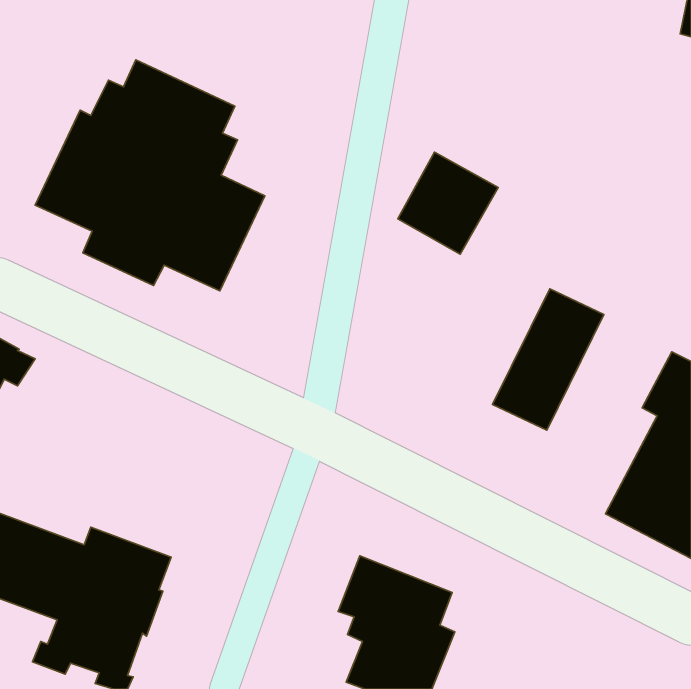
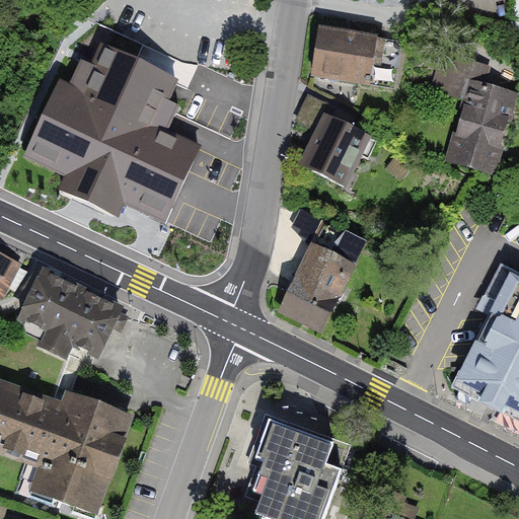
building: none -> [312,29,398,83]
building: none -> [433,53,511,167]
building: [493,289,604,430] -> [280,222,363,327]
building: none -> [21,272,126,356]

